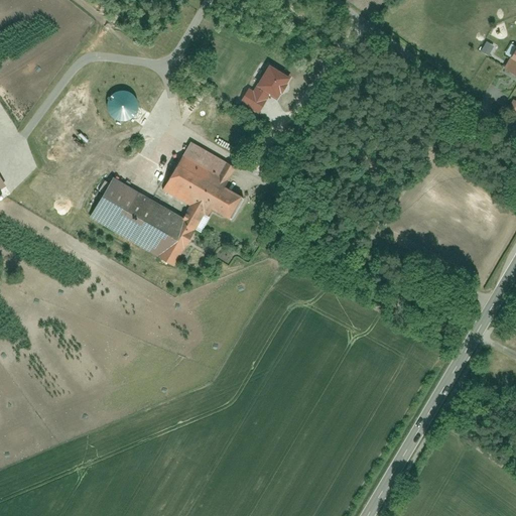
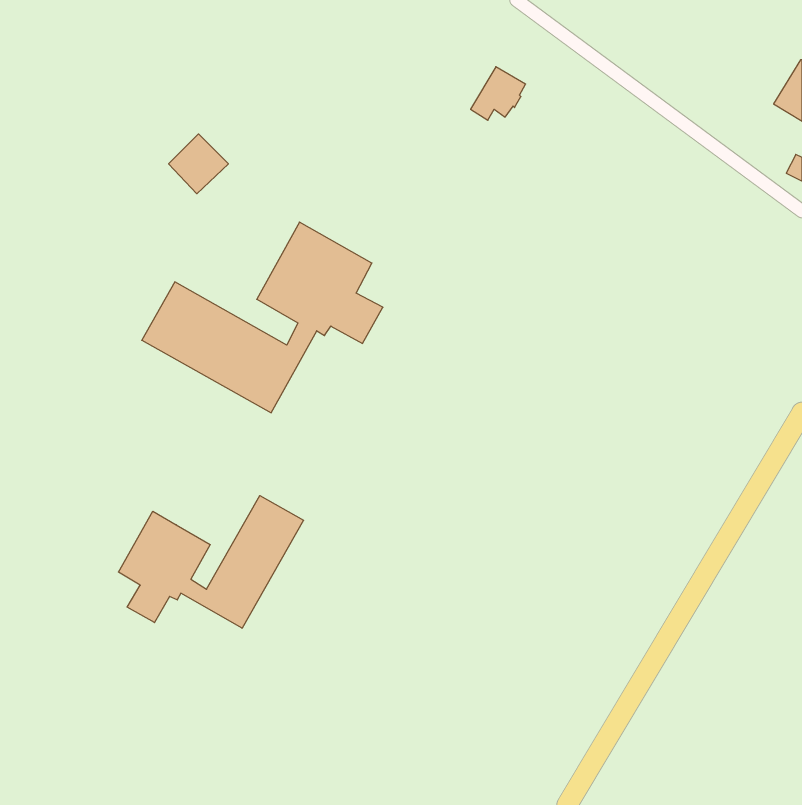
building: [252,66,287,100] -> [471,67,526,120]
building: none -> [118,496,304,628]

